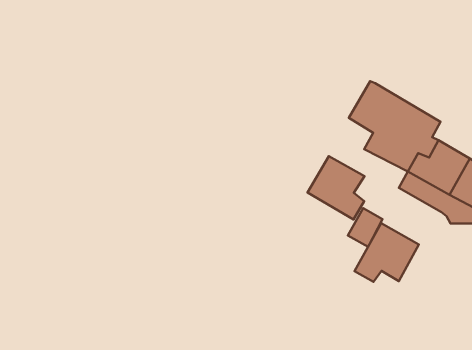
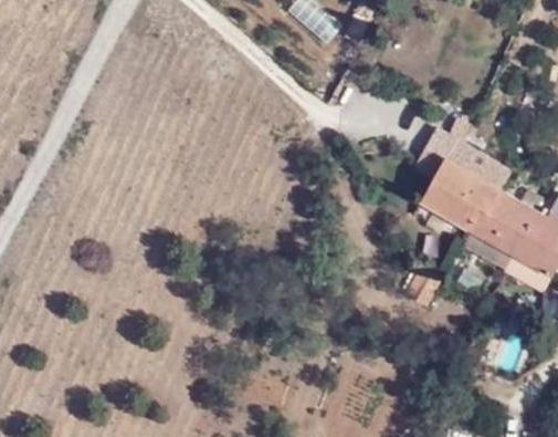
building: [307,156,364,219] -> none
building: [355,223,419,282] -> none

